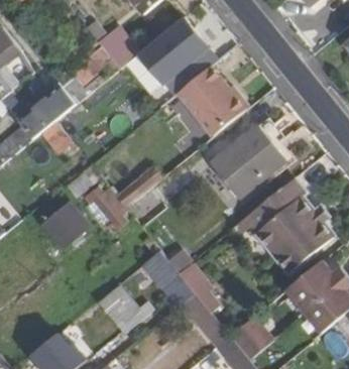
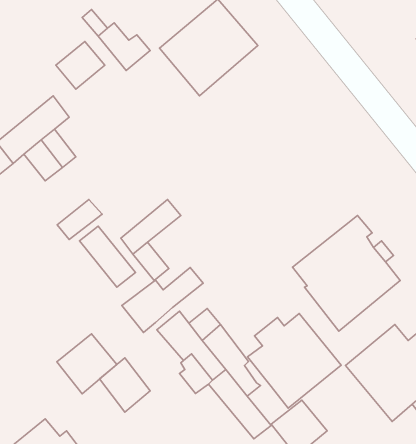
building: [177,67,247,137] -> none
building: [211,125,284,197] -> none
building: [43,204,89,249] -> [57,334,117,394]
building: none -> [122,268,203,333]
building: none -> [248,313,341,408]

